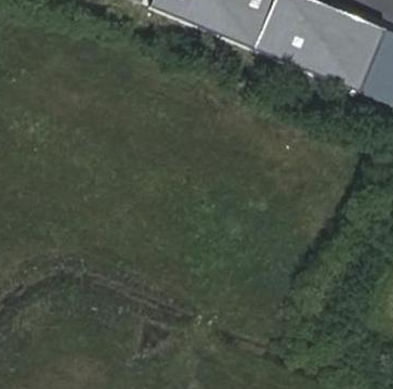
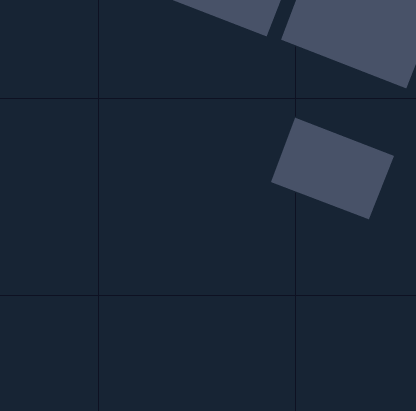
building: none -> [270,117,395,220]

